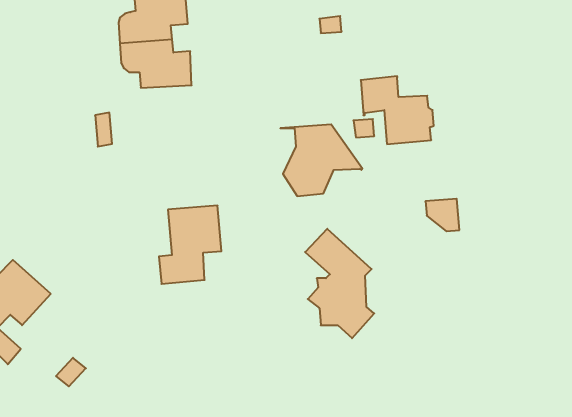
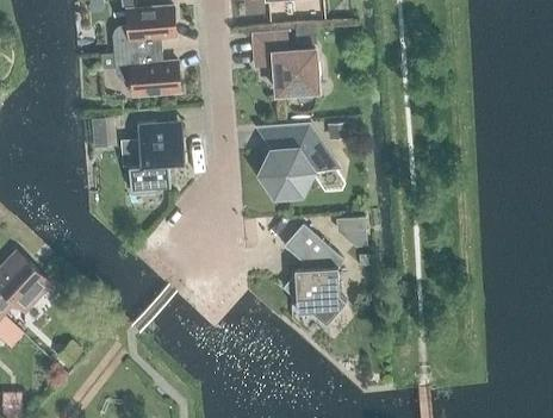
building: [361,76,434,144] -> [253,32,319,94]
building: [425,199,459,231] -> [336,217,367,247]
building: [159,206,221,284] -> [128,120,185,192]

